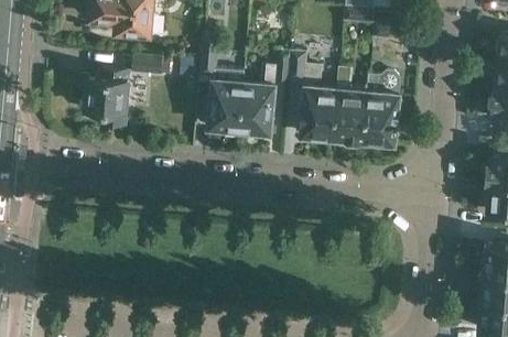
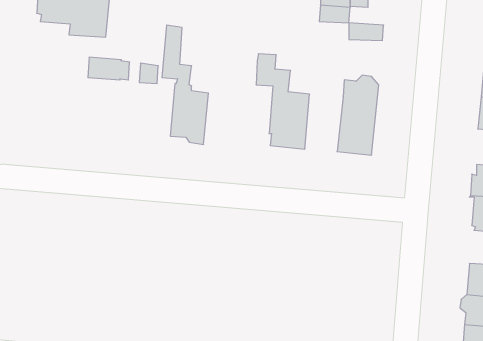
building: [239,57,289,137] -> none
building: [333,69,368,142] -> none
building: [78,70,128,122] -> none

